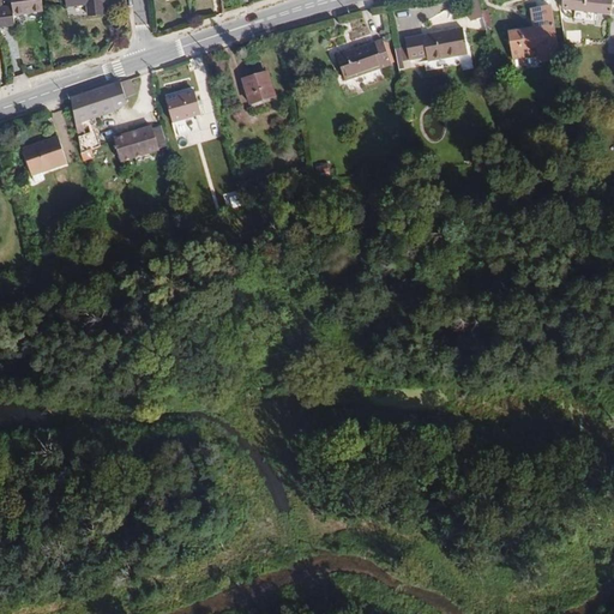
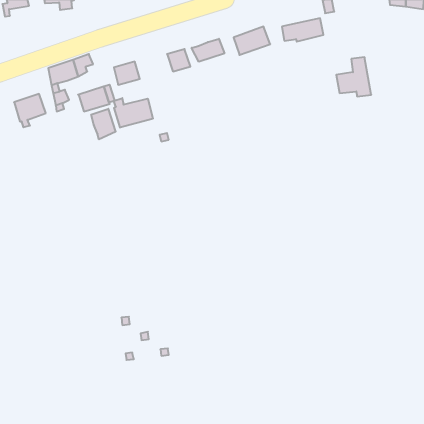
building: [508,5,559,61] -> [336,57,371,96]
building: none -> [192,39,224,62]
building: none -> [114,98,153,128]
building: none -> [91,109,116,139]

